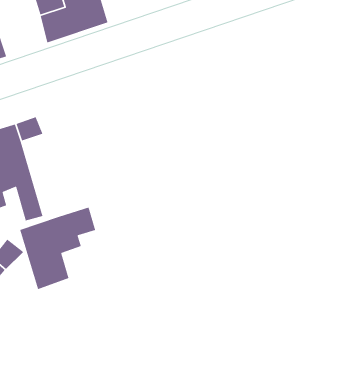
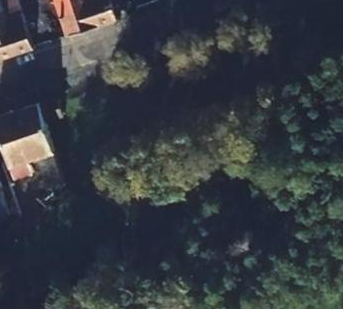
building: [19,207,96,290] -> none

